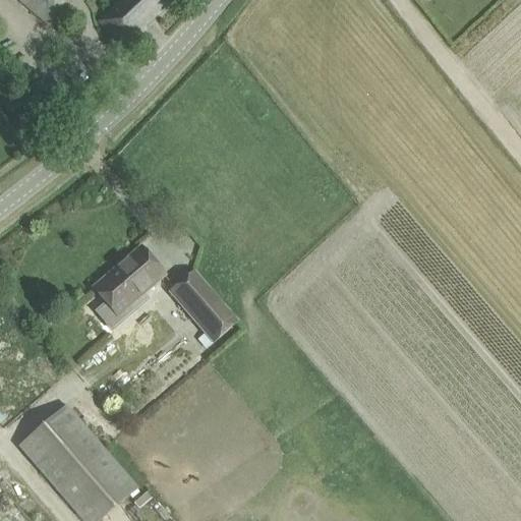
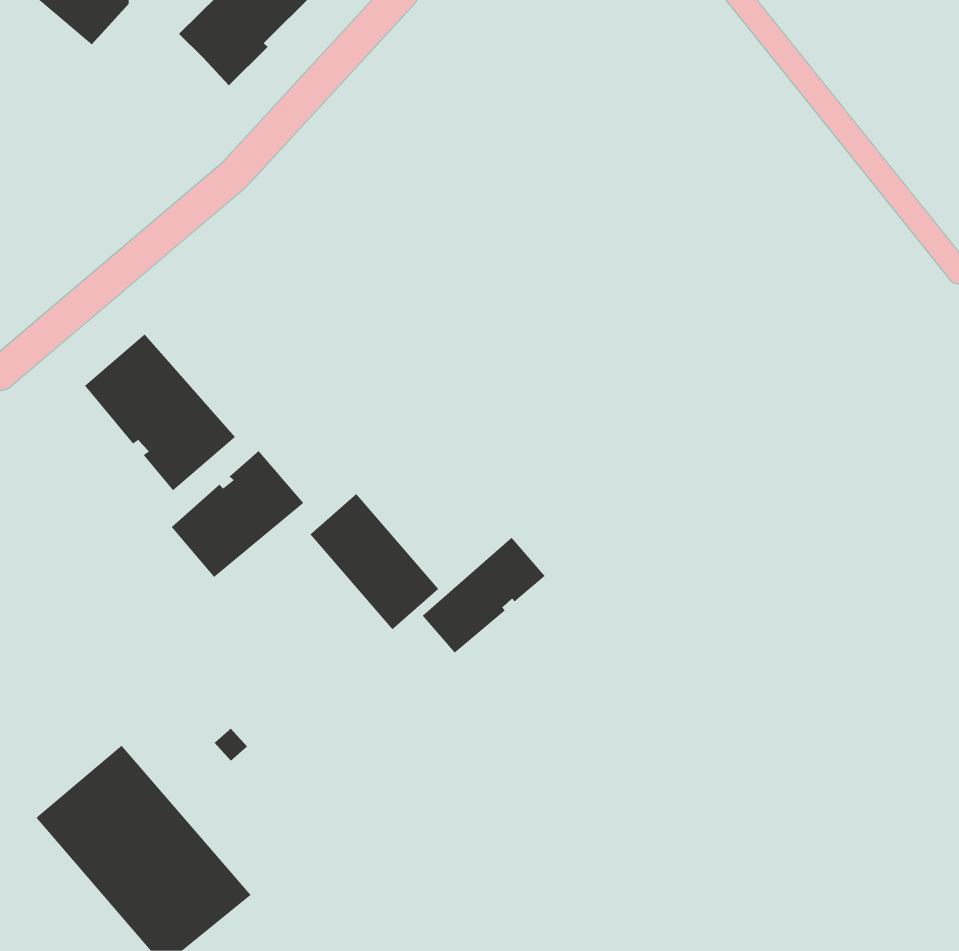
building: none -> [84,333,236,491]
building: none -> [422,537,545,653]

